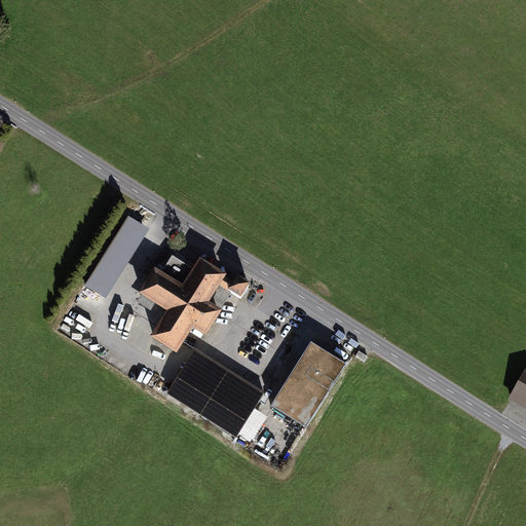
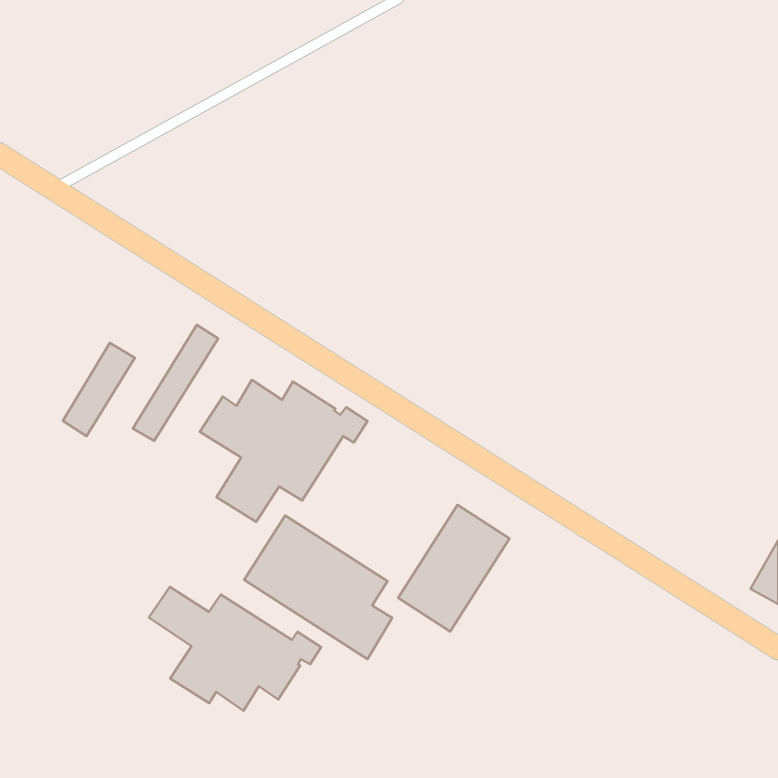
building: none -> [63,343,135,436]
building: none -> [149,587,321,711]

